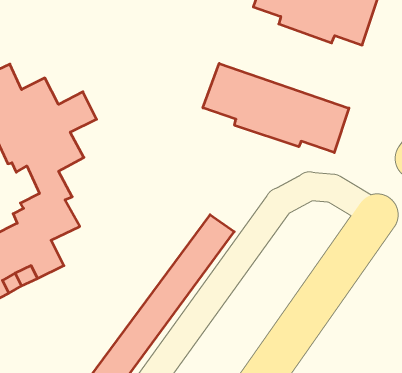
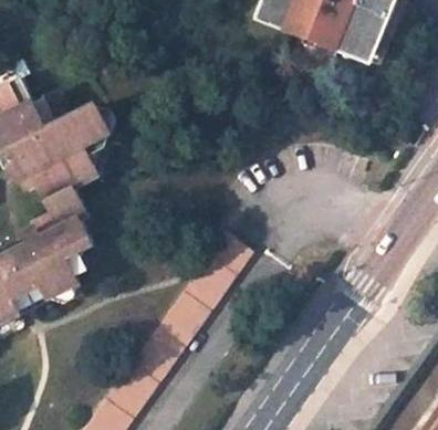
building: [203,63,349,153] -> none

